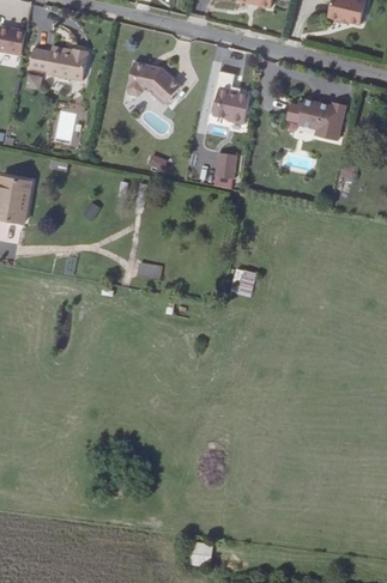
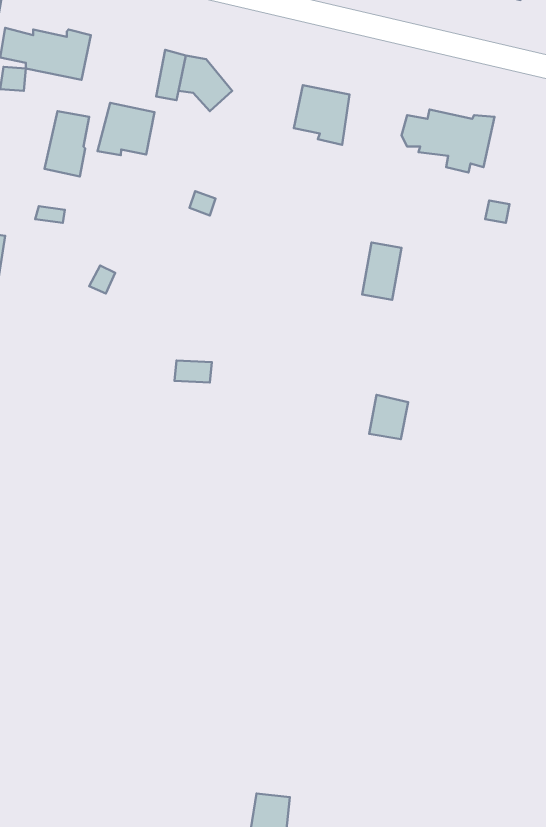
building: none -> [97,103,154,155]
building: [213,151,238,188] -> [362,242,401,300]
building: [232,267,258,296] -> [369,395,408,439]

